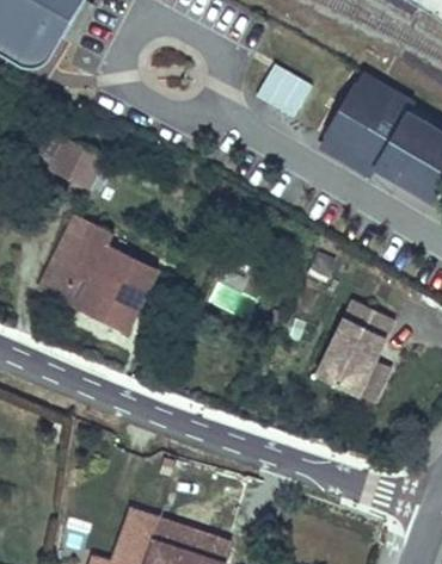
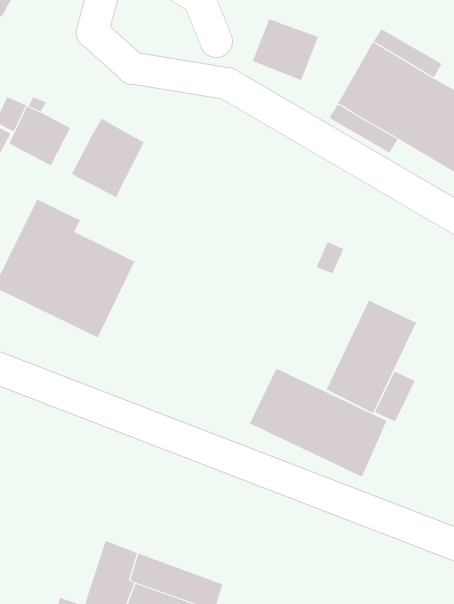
building: none -> [71,118,144,198]
building: none -> [249,368,387,477]

